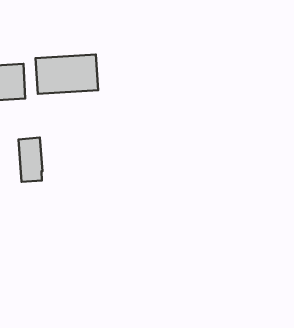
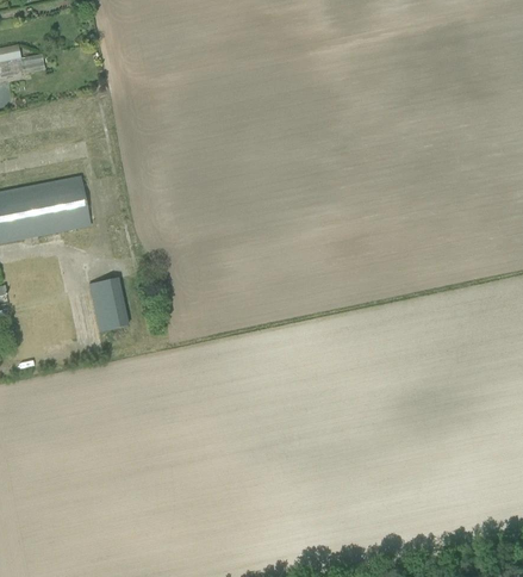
building: [35,54,98,94] -> none

